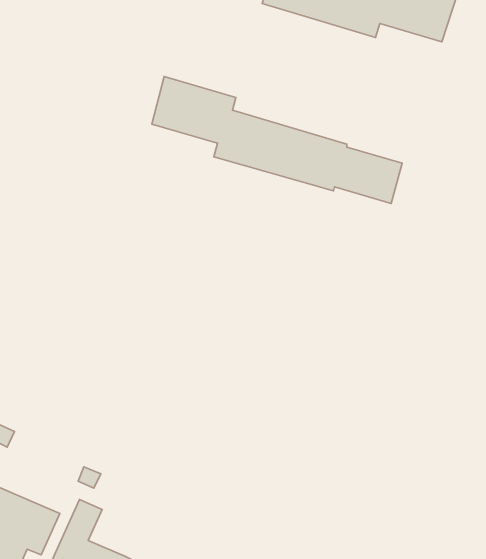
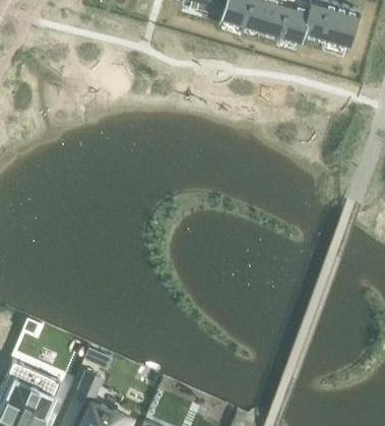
building: [152,77,402,203] -> none

